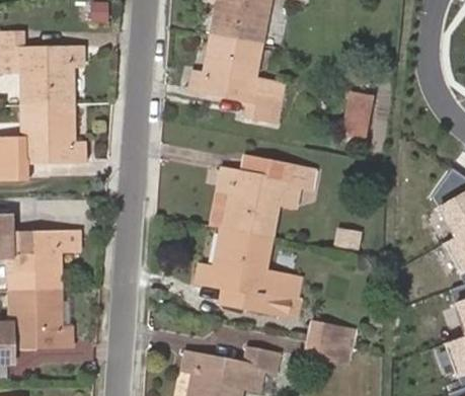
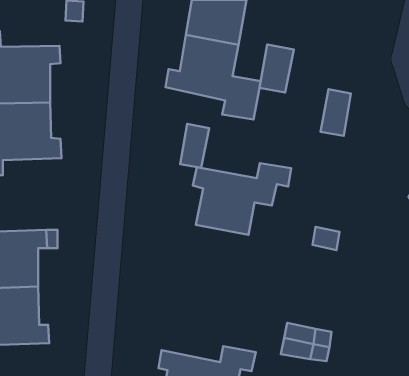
building: none -> [260,44,294,93]
building: none -> [180,124,209,168]
building: [199,226,303,317] -> none

